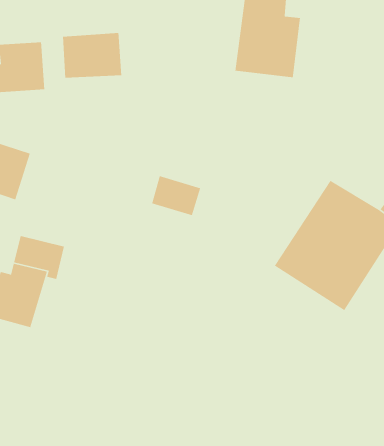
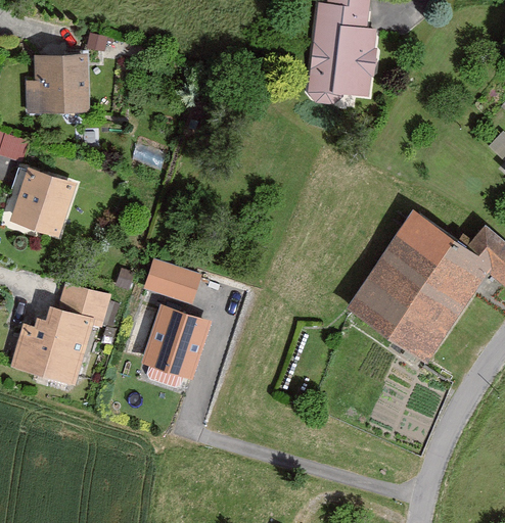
building: [62,32,122,79] -> none
building: [151,175,201,216] -> [143,257,200,304]
building: none -> [138,303,209,378]

